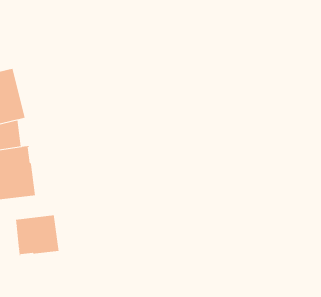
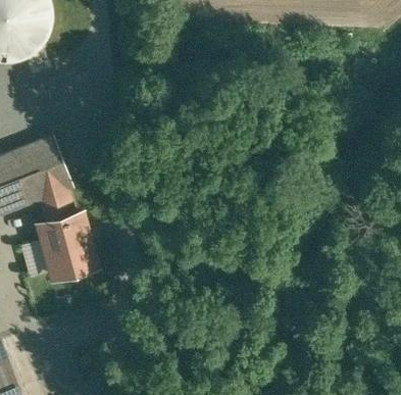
building: [15,214,59,256] -> none

